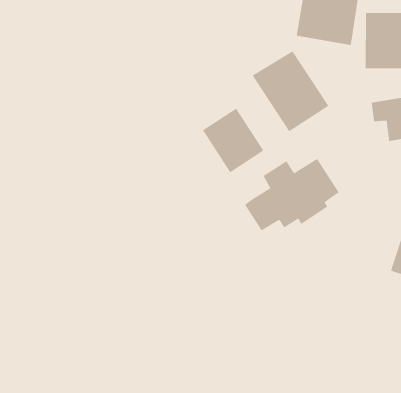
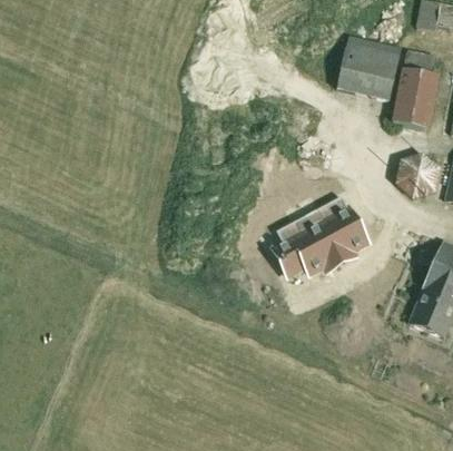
building: [252,51,329,132] -> none
building: [202,108,264,173] -> none

